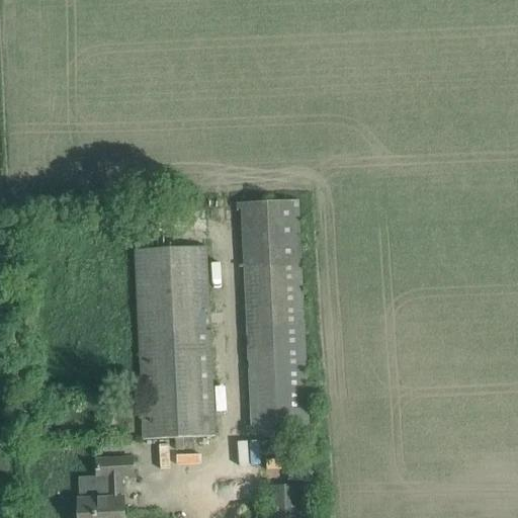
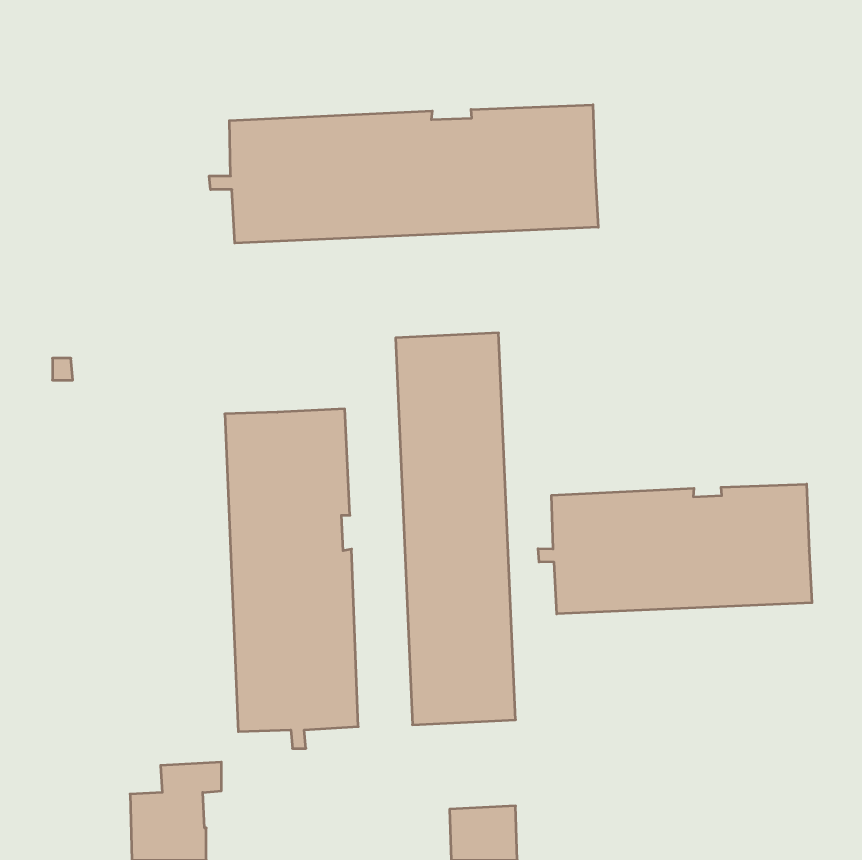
building: none -> [209,105,598,243]
building: none -> [538,484,812,614]

